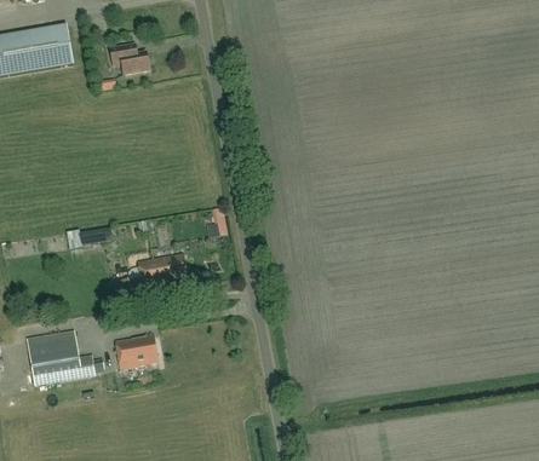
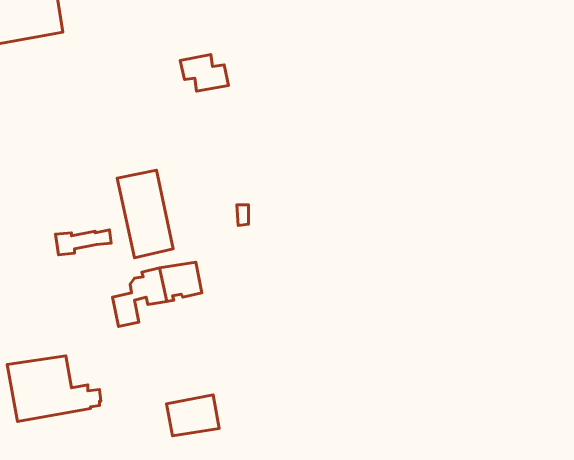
building: [109,44,149,74] -> [180,55,229,91]
building: none -> [117,170,173,258]
building: [114,334,157,368] -> [167,395,219,436]

